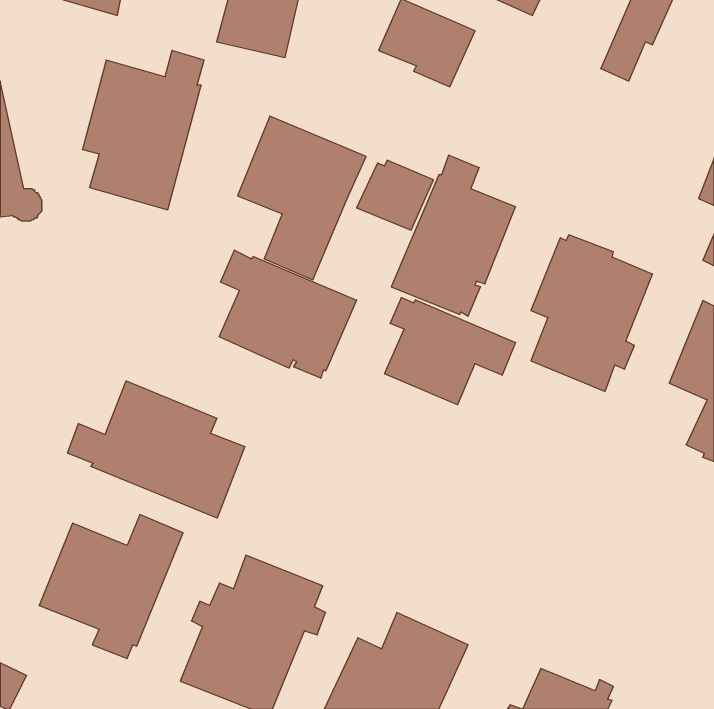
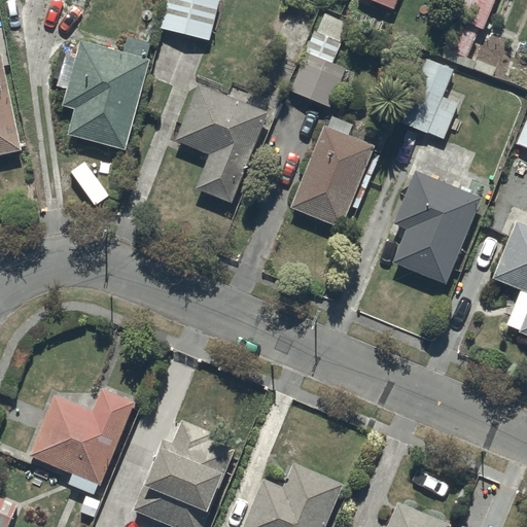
building: none -> [401,57,456,140]
building: [357,160,433,230] -> [289,58,346,109]
building: [219,250,357,378] -> none
building: [385,297,516,405] -> none
building: [67,381,245,518] -> none

